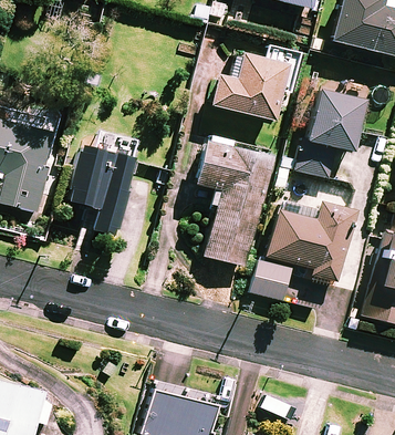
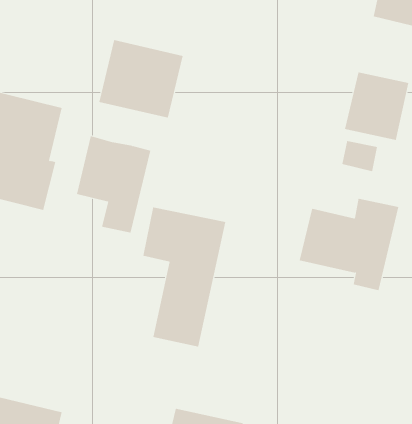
building: [210,50,285,120] -> [99,39,184,118]
building: [195,141,269,265] -> [142,207,226,347]
building: [252,261,292,300] -> none

